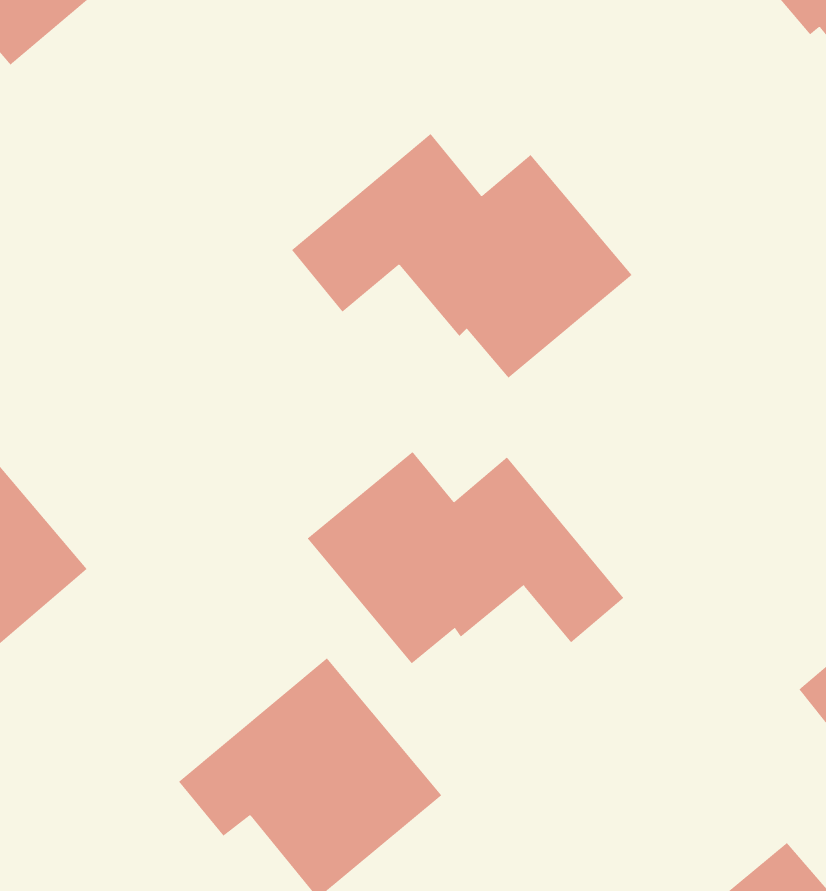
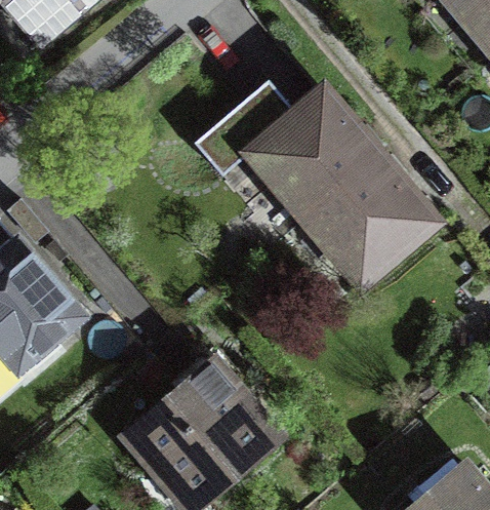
building: none -> [313,157,435,281]
building: [307,451,624,664] -> none

